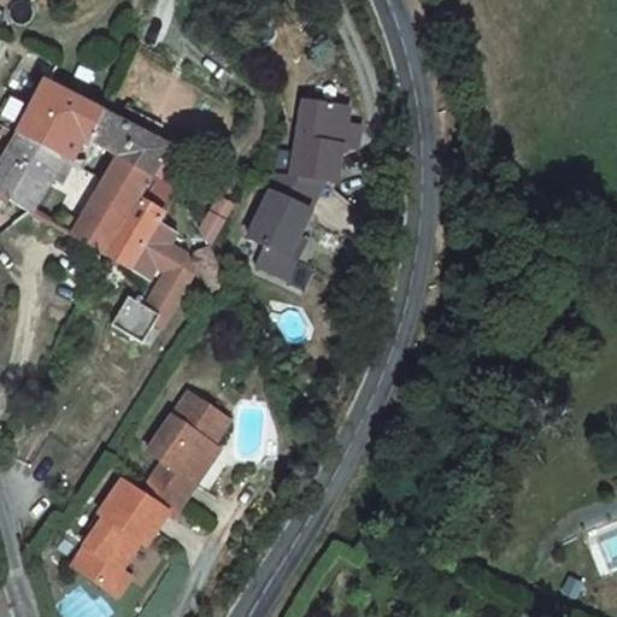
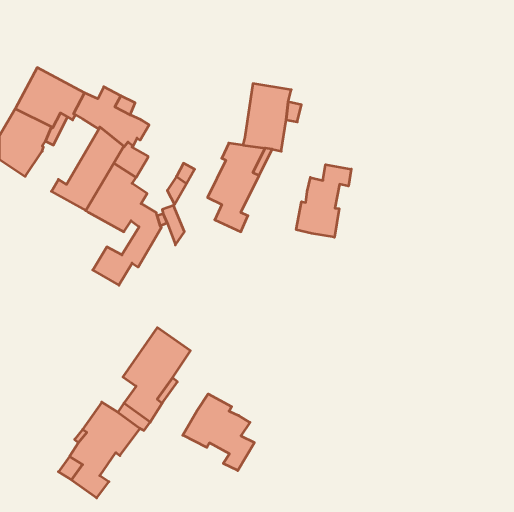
building: none -> [296,165,351,237]
building: none -> [183,394,254,471]

